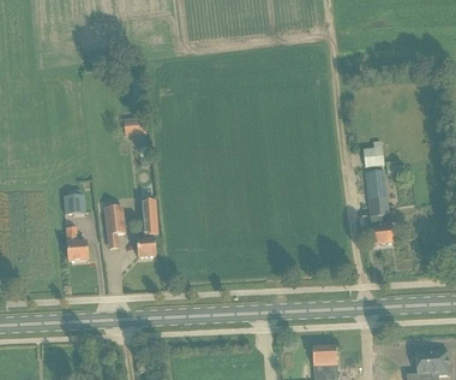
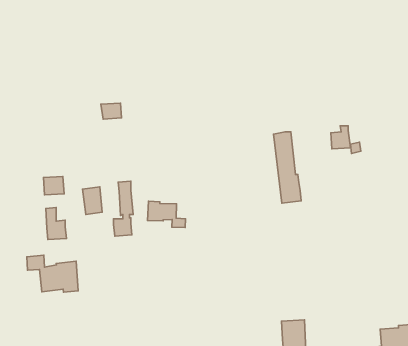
building: [364,170,392,244] -> [274,132,301,203]
building: none -> [148,201,186,227]
building: none -> [27,255,78,292]

